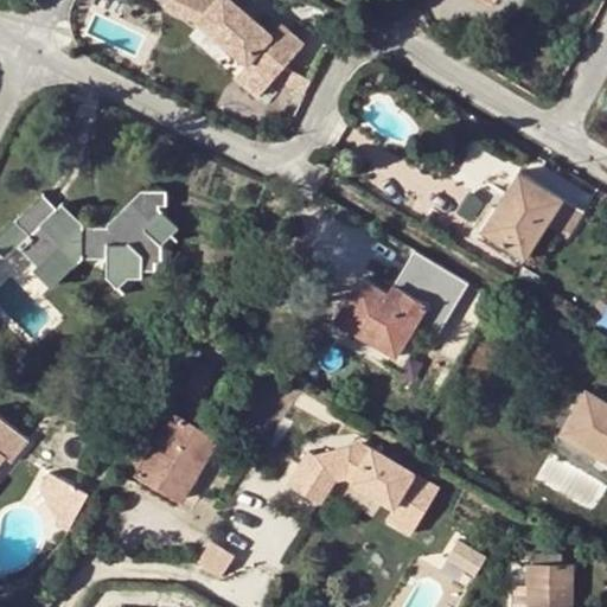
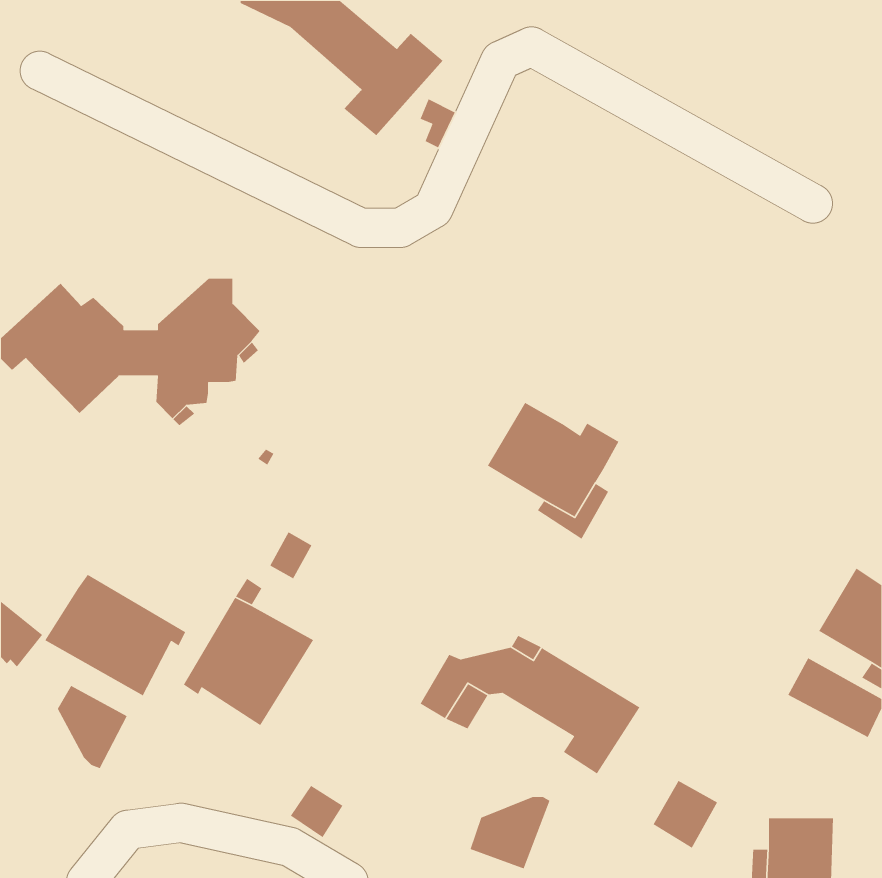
building: [483,174,583,257] -> none
building: [388,250,462,334] -> none
building: none -> [44,574,186,696]
building: none -> [469,796,551,869]

